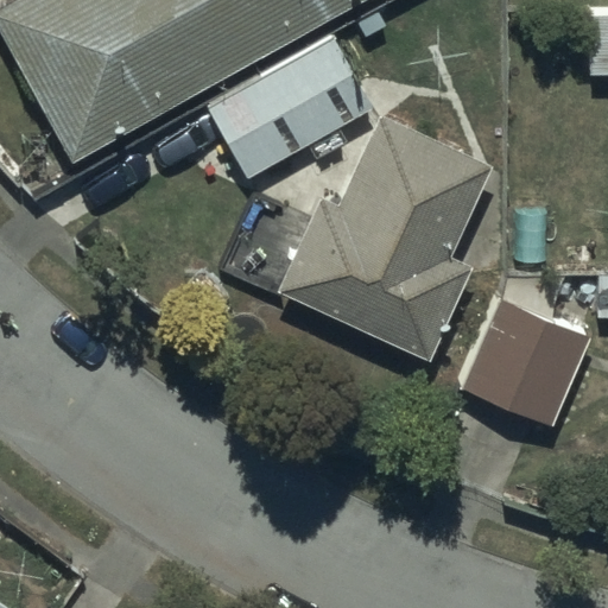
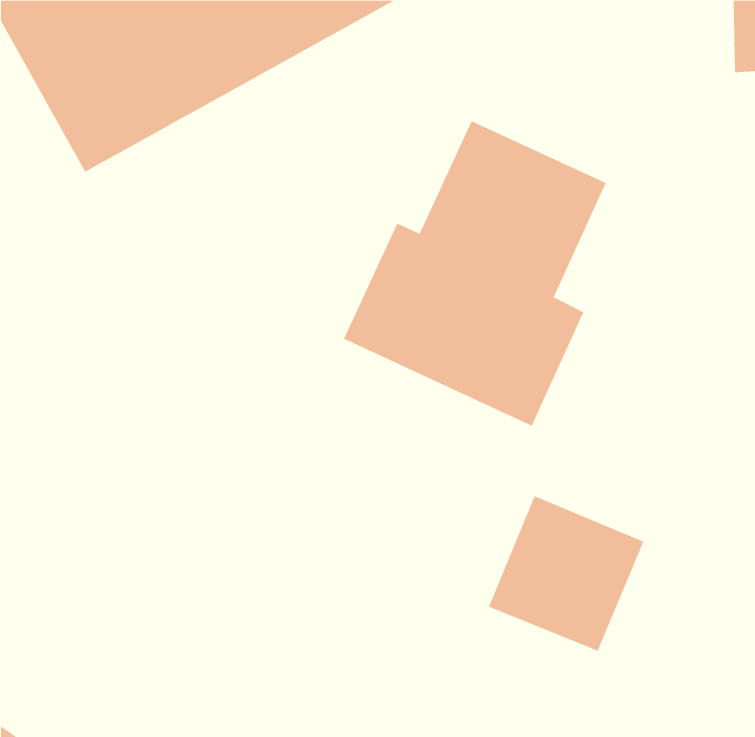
building: [207,38,372,179] -> none
building: [463,302,588,426] -> [488,495,644,651]

